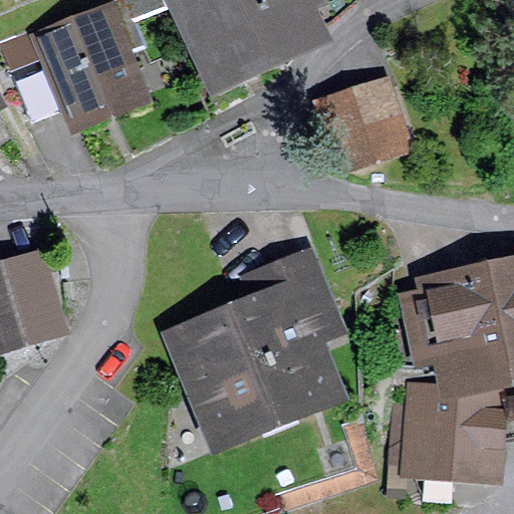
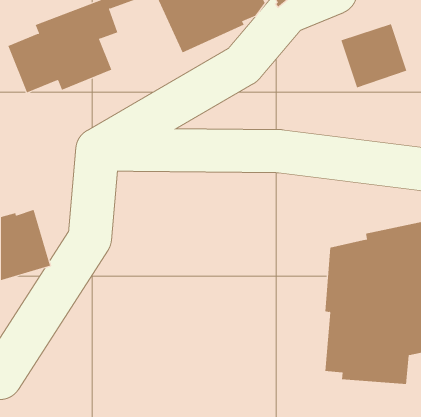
building: [328,80,409,159] -> [341,23,407,88]
building: [193,254,333,420] -> none

